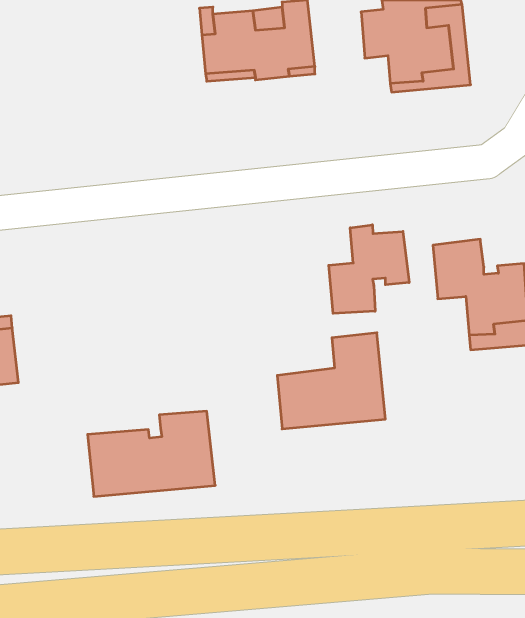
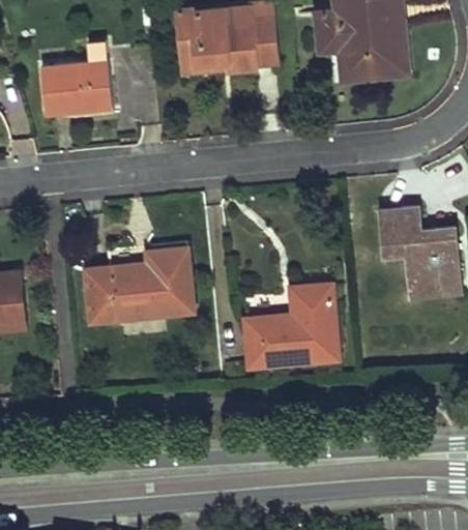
building: none -> [40,40,112,119]
building: [329,225,409,313] -> none
building: [88,411,215,496] -> [84,248,193,321]

